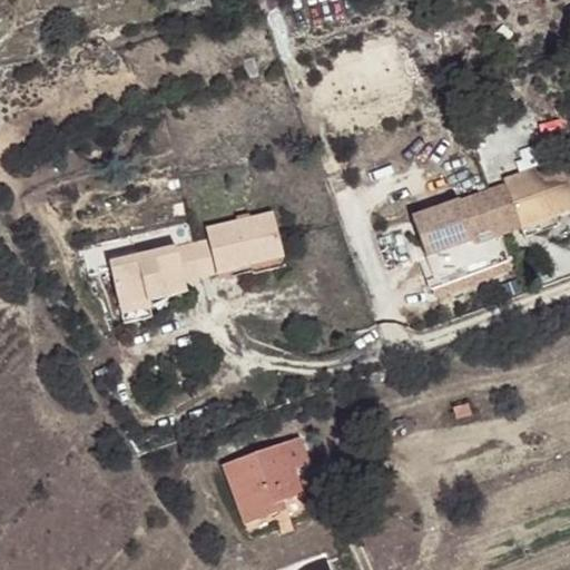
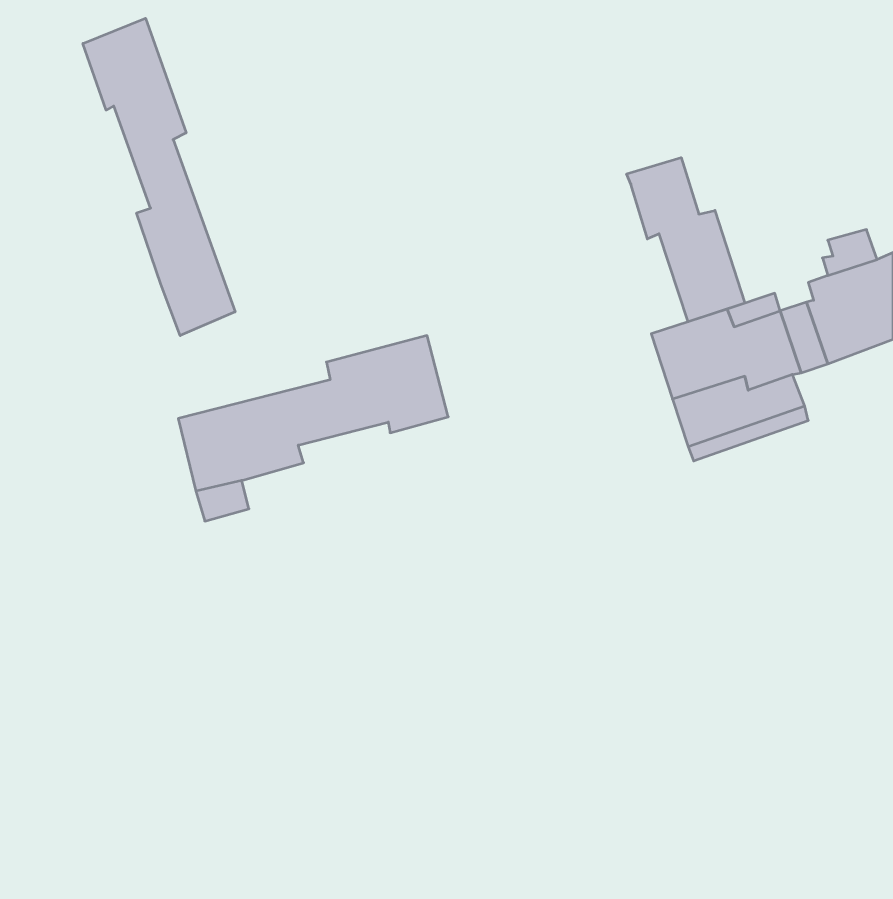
building: none -> [83,18,235,336]
building: none -> [627,158,745,322]
building: [222,426,307,514] -> none

